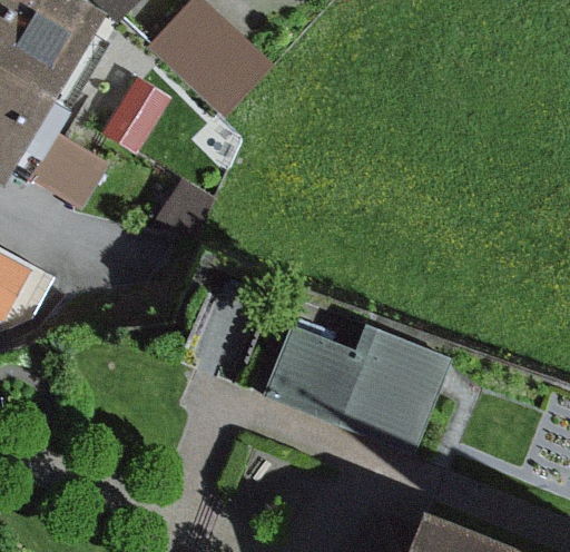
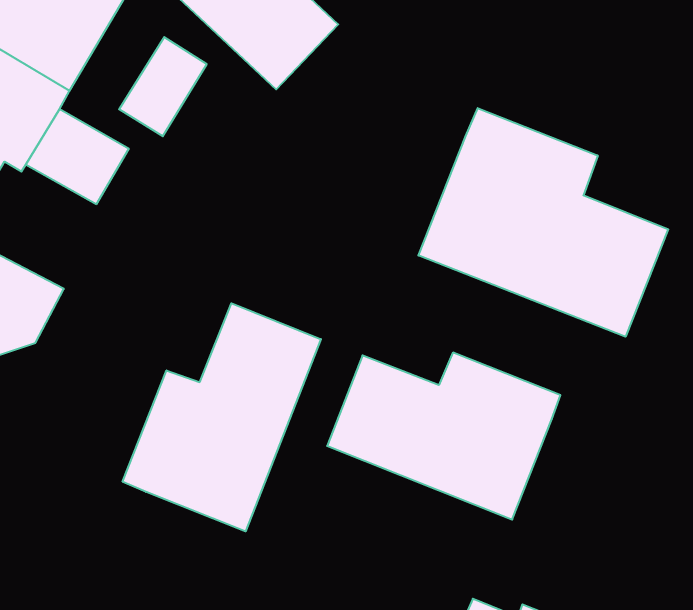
building: none -> [418,108,668,337]
building: none -> [123,303,321,531]

